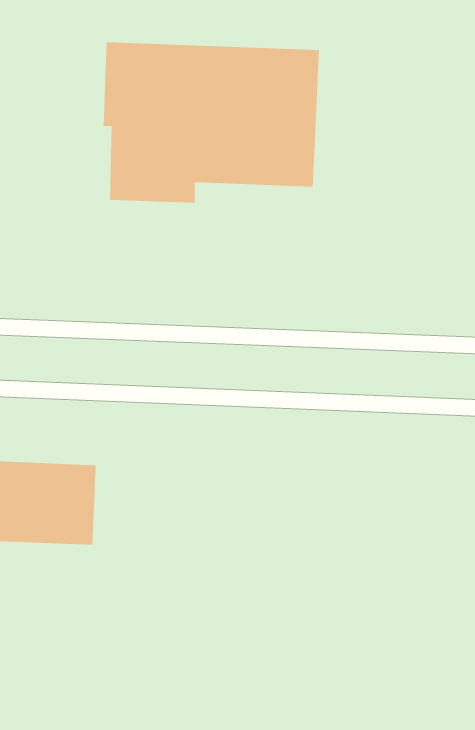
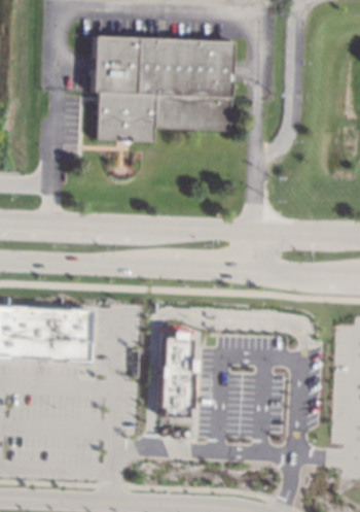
building: none -> [158,331,194,416]

